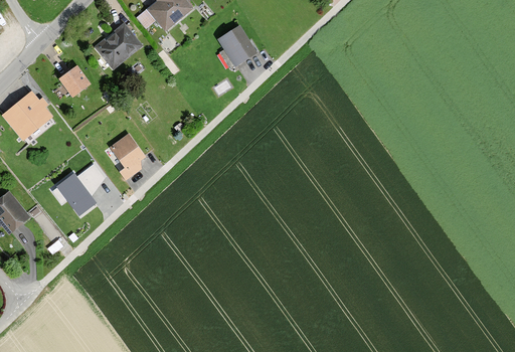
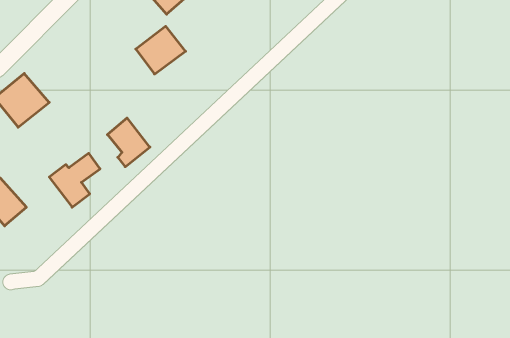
building: [216,22,259,65] -> none
building: [95,23,143,69] -> [136,26,186,74]
building: [57,63,90,96] -> none

